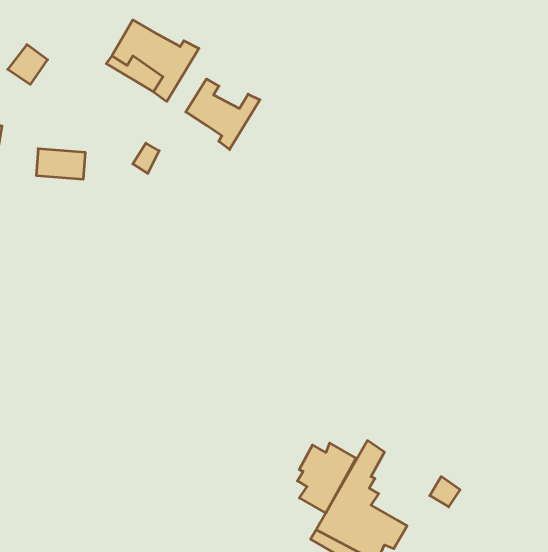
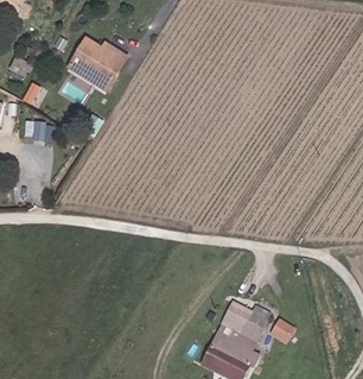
building: [186,79,260,150] -> none
building: [297,443,356,513] -> [235,307,272,350]

